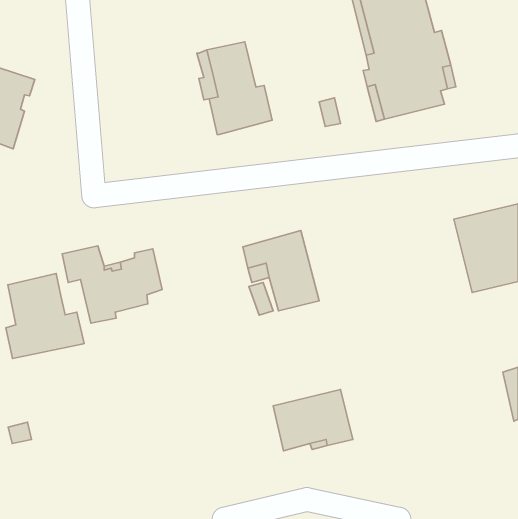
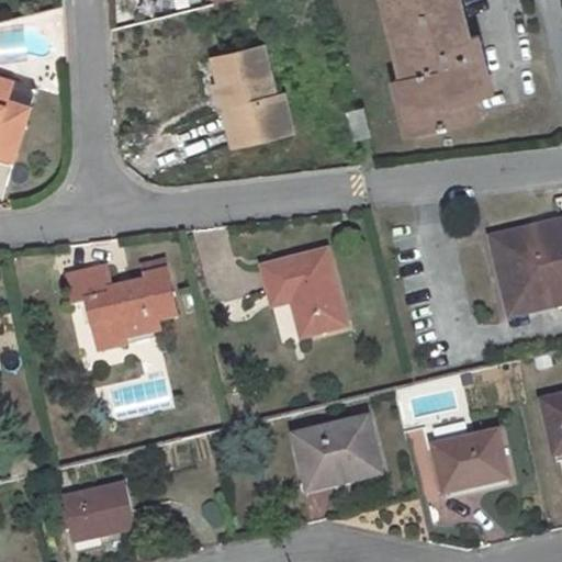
building: [6,273,84,358] -> none
building: none -> [432,430,507,493]
building: none -> [63,484,134,542]

